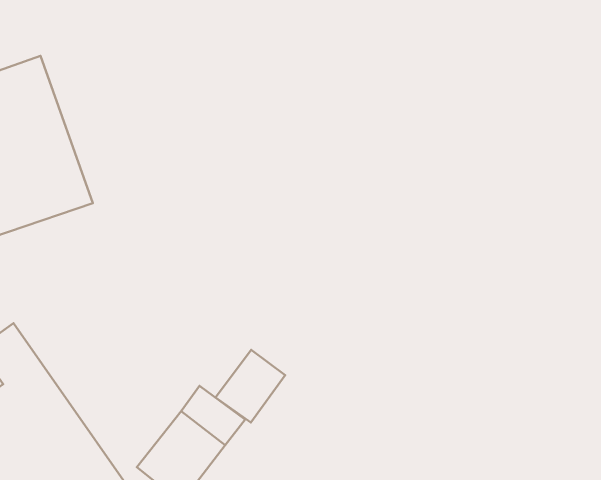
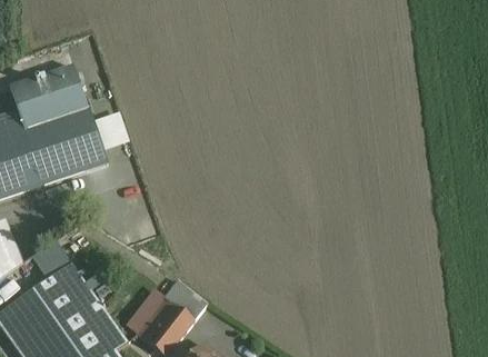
building: [216,350,285,422] -> none

